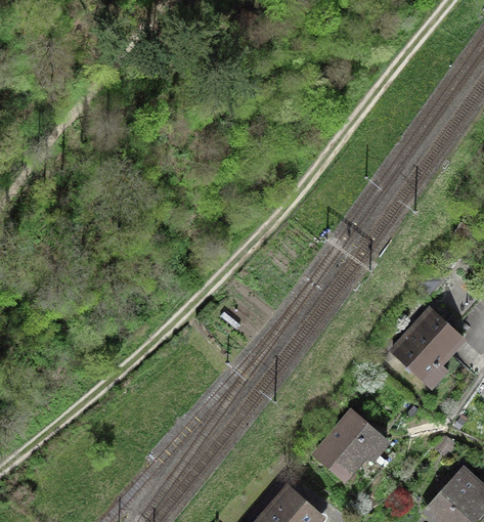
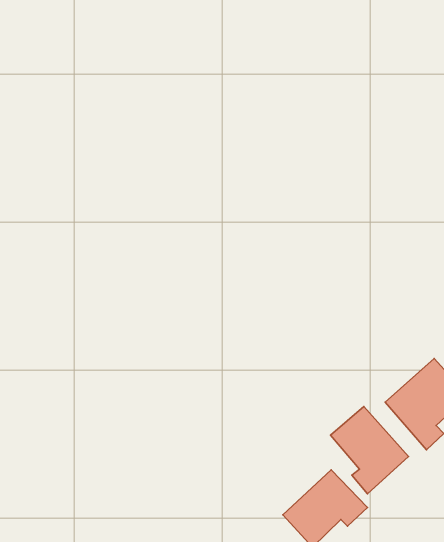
building: none -> [330,406,408,494]

